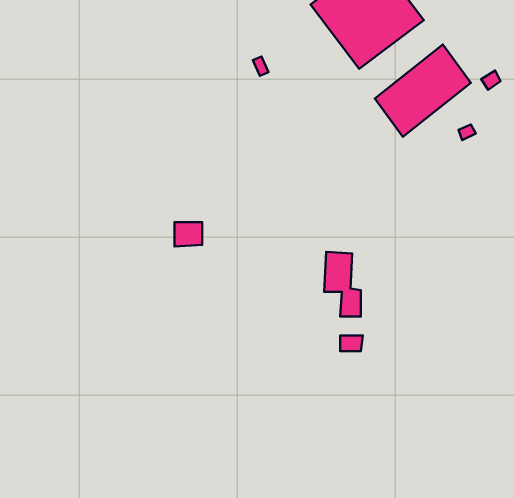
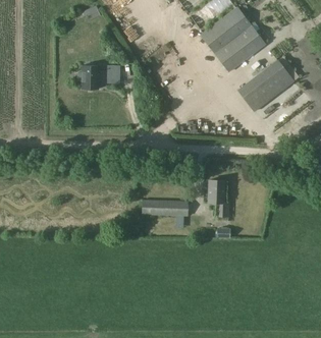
building: none -> [77,66,109,90]
building: none -> [142,200,188,217]

